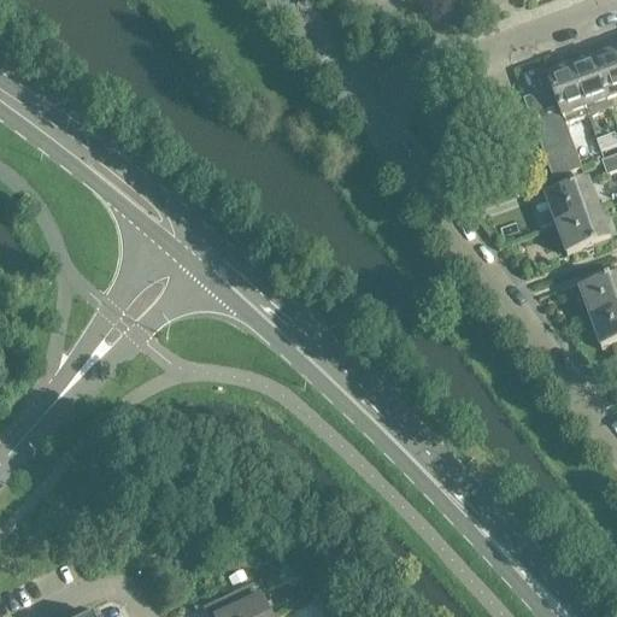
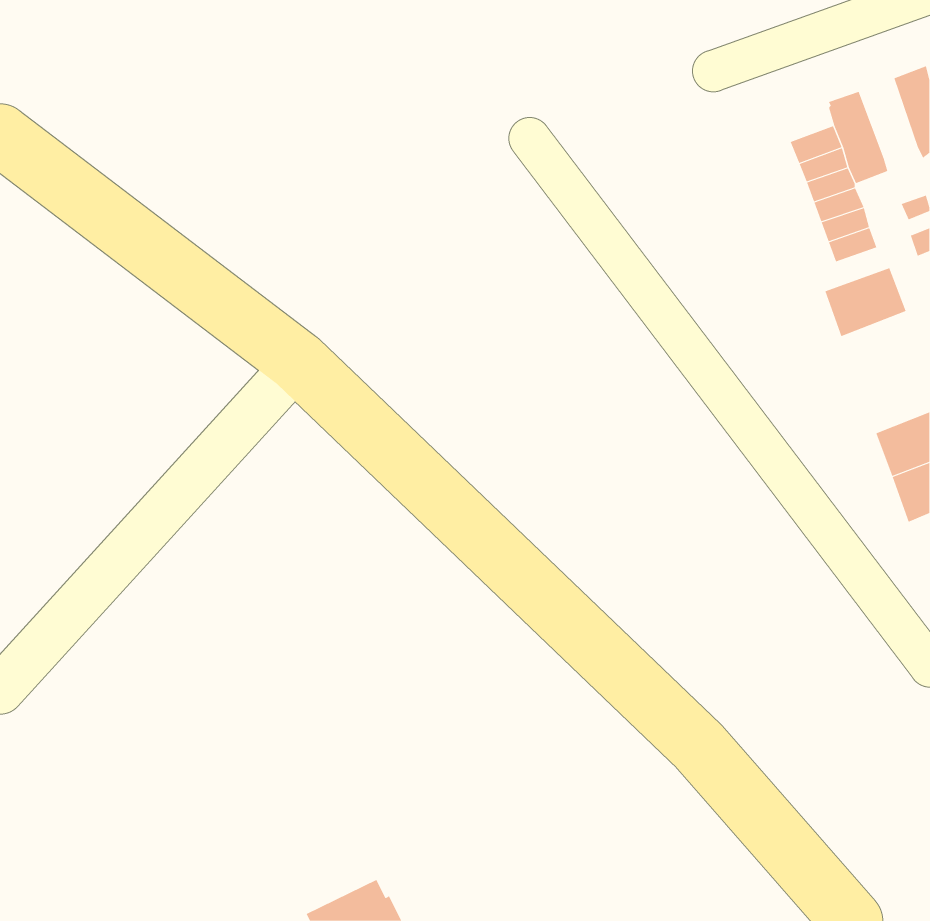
building: [569,52,607,105] -> none
building: [557,206,611,252] -> none

